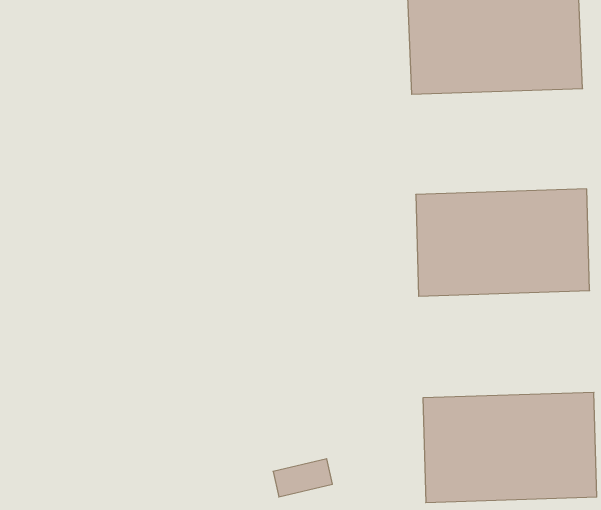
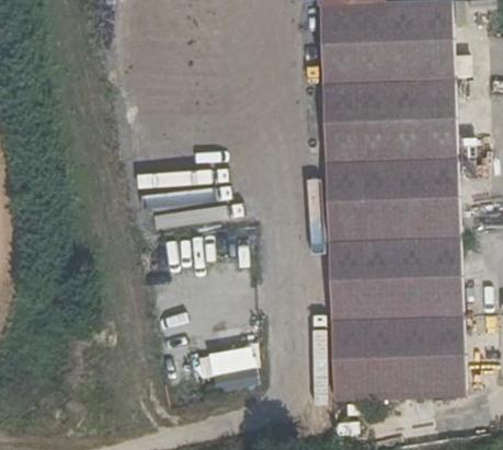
building: none -> [322,79,458,161]
building: none -> [328,235,464,319]

